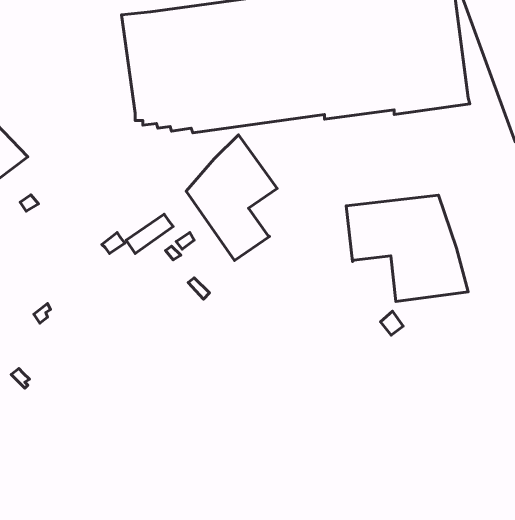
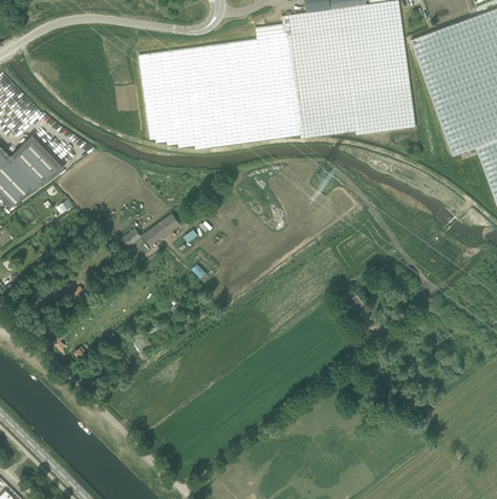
building: [186,135,277,260] -> none
building: [346,195,468,301] -> none

